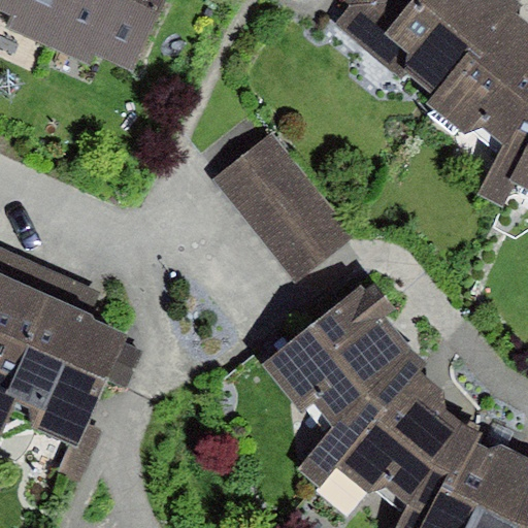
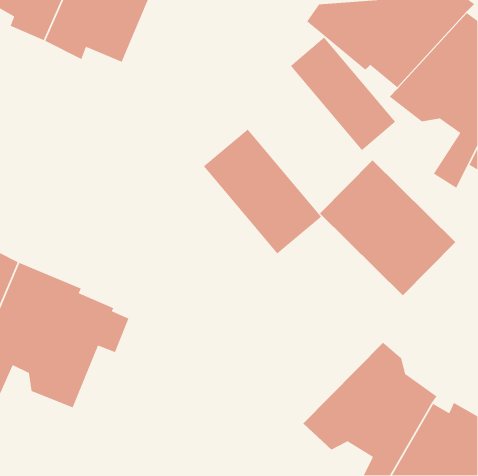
building: none -> [290,37,396,151]
building: none -> [319,159,456,296]
building: [265,282,433,481] -> none

